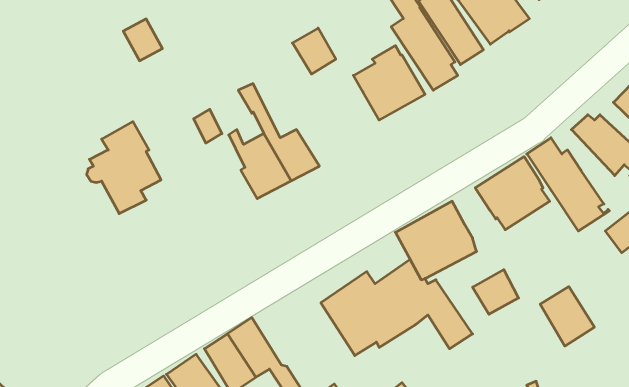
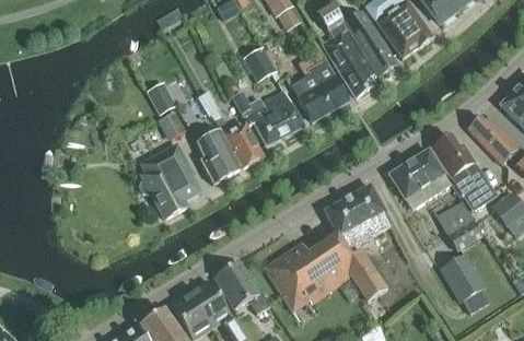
building: [123,19,162,61] -> [145,80,177,114]
building: none -> [233,90,304,146]
building: [87,122,161,214] -> [140,143,200,217]
building: [473,270,519,314] -> [444,213,481,249]
building: none -> [216,260,270,314]

